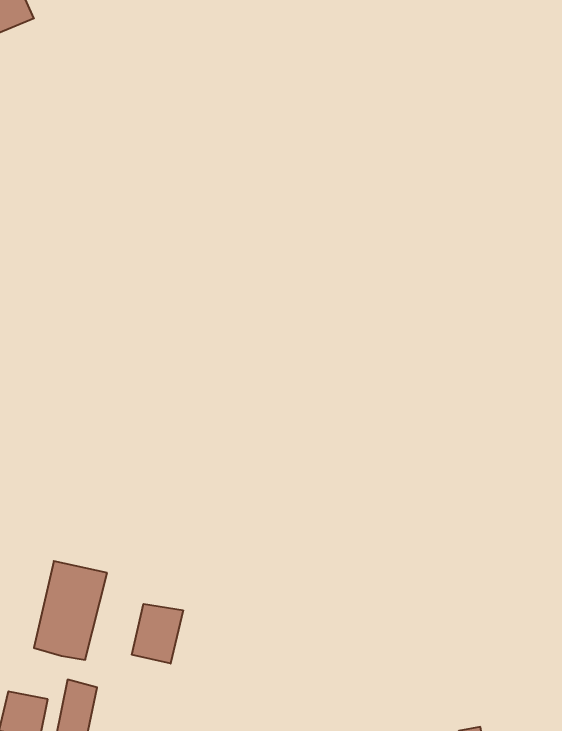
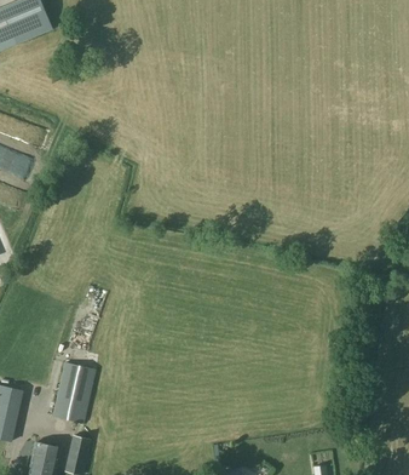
building: [132,604,183,664] -> none

